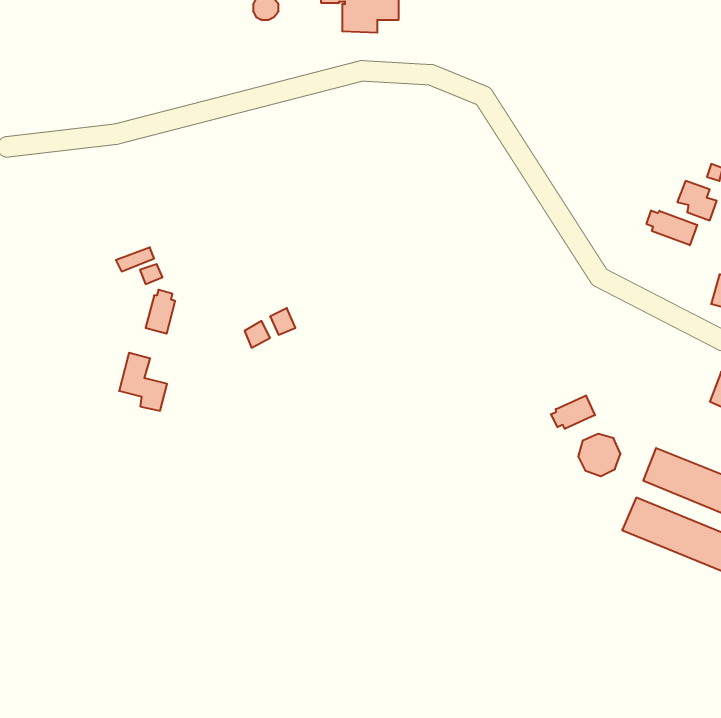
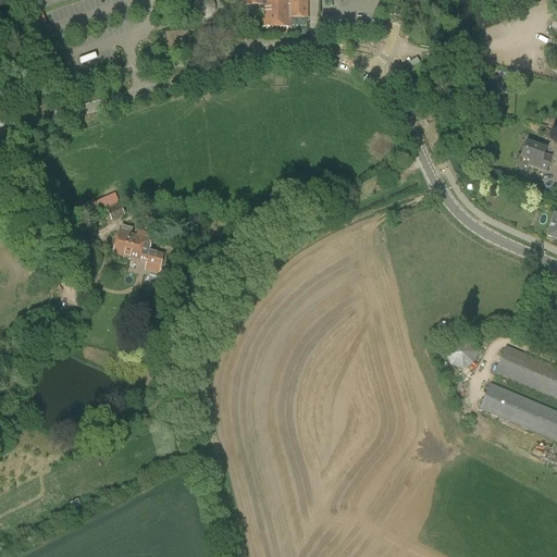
building: [647,210,697,245] -> none
building: [119,353,167,411] -> [129,227,166,272]
building: [551,395,595,429] -> none

